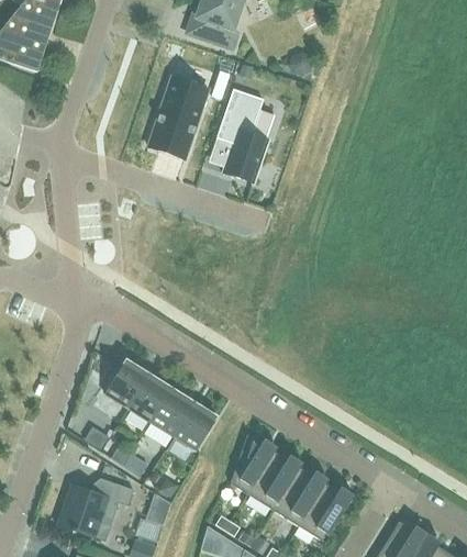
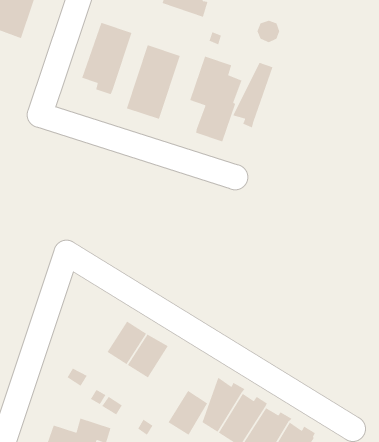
building: none -> [81,22,132,95]
building: none -> [232,62,273,128]
building: [104,359,149,408] -> none
building: [173,401,216,450] -> [167,390,208,436]

